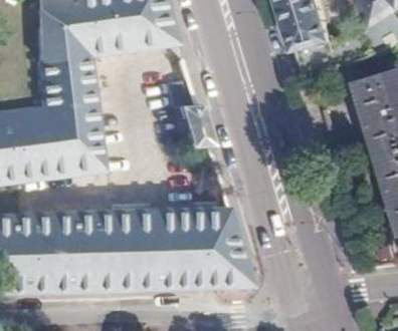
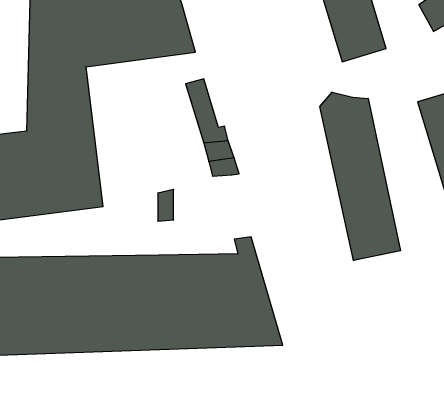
building: none -> [320,92,400,261]

